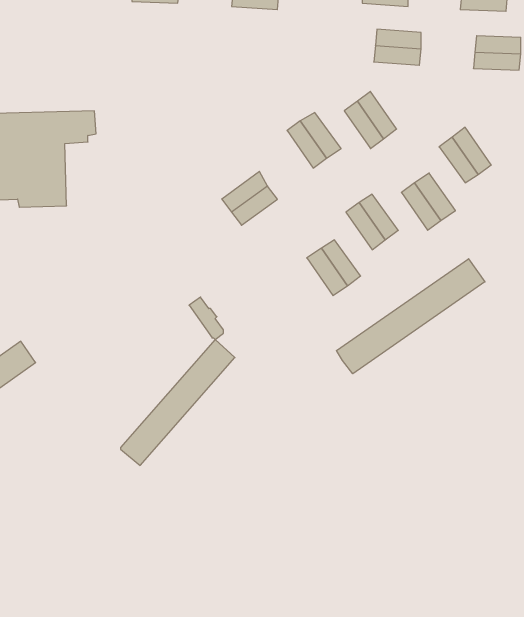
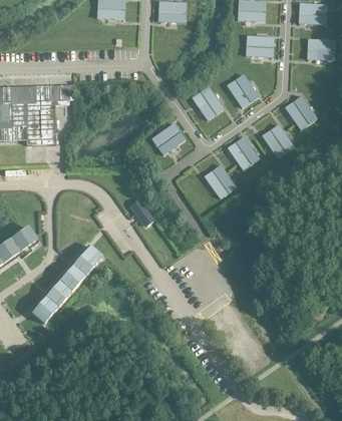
building: [336,259,485,374] -> none
building: [121,340,235,465] -> [32,246,102,323]

